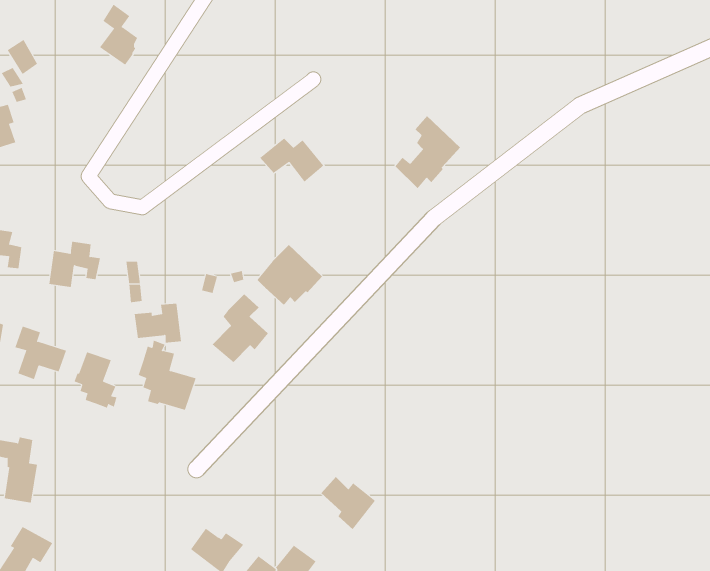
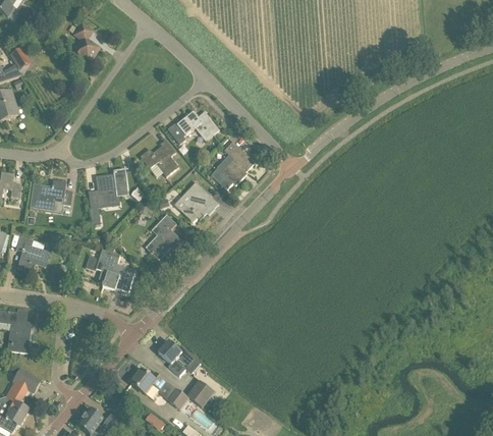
building: [395,115,461,189] -> [211,141,255,189]
building: none -> [140,139,179,177]
building: [134,303,182,343] -> [96,169,127,196]
building: [74,351,117,409] -> none
building: [321,476,376,530] -> [158,340,195,376]

